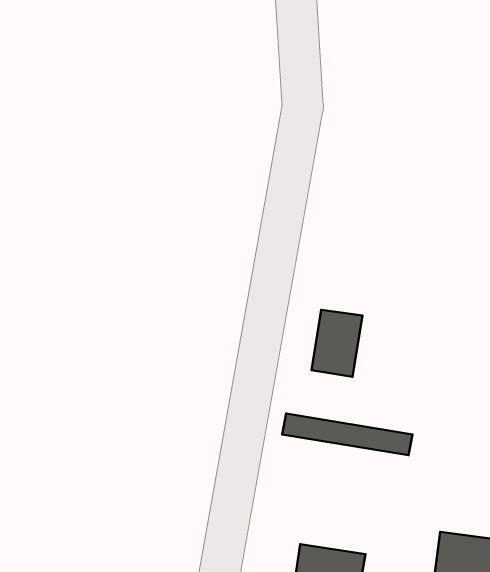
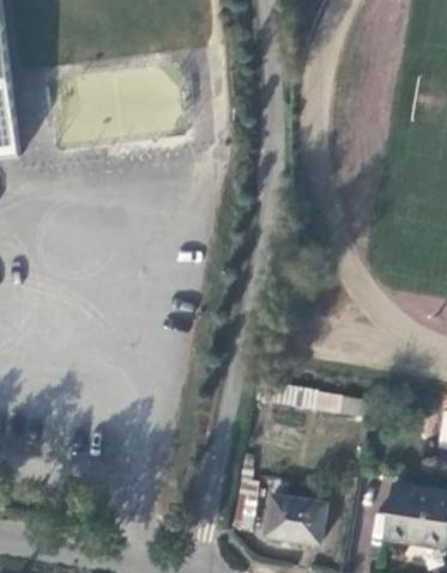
building: [311,310,363,377] -> none

